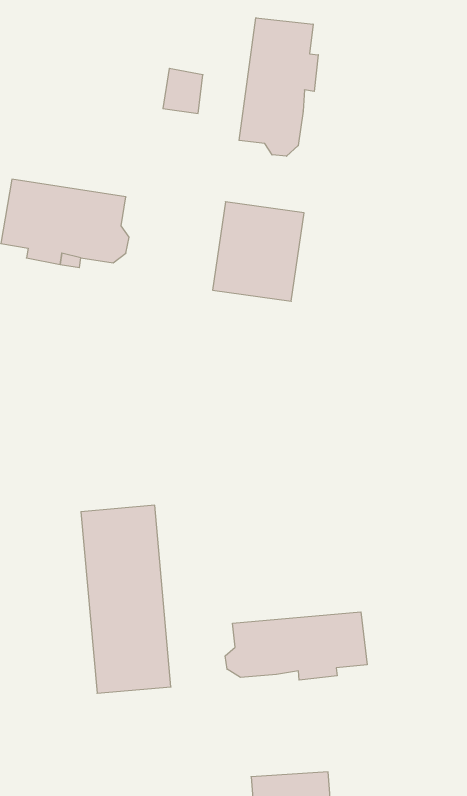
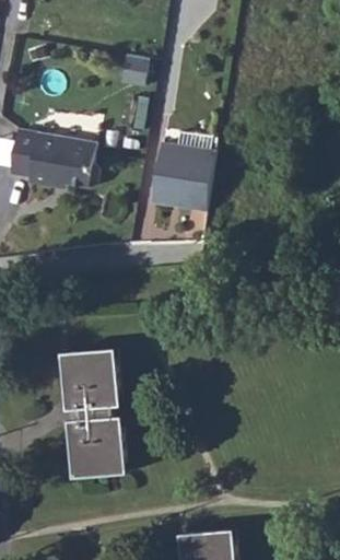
building: [239,18,318,156] -> none
building: [225,612,367,680] -> none

